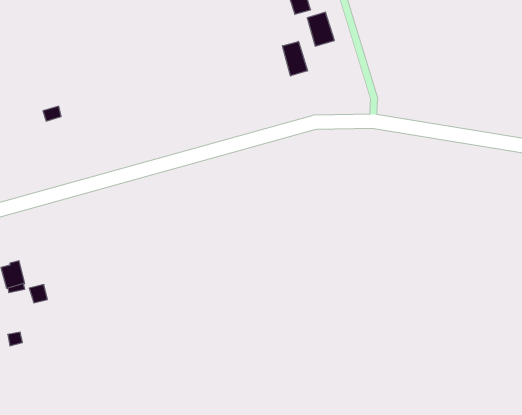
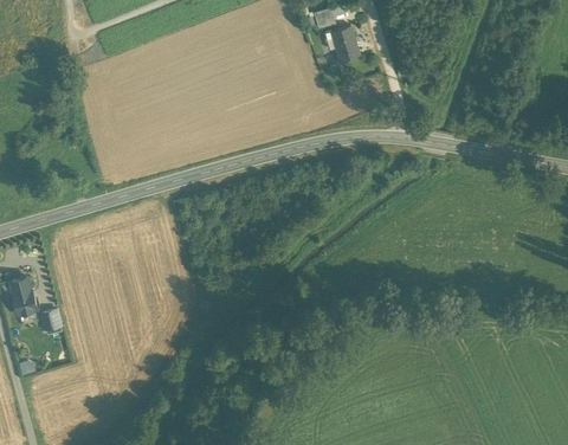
building: [282,41,307,76] -> none

